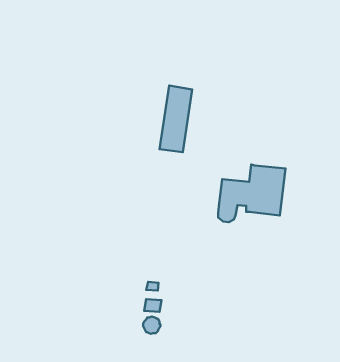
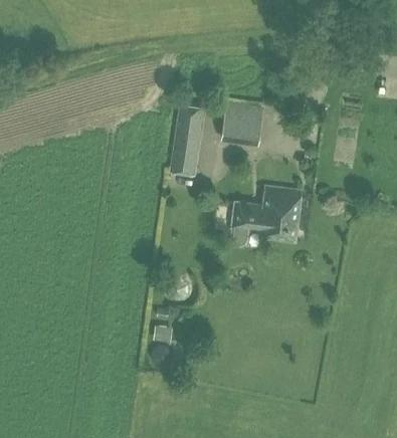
building: none -> [223,101,264,145]

